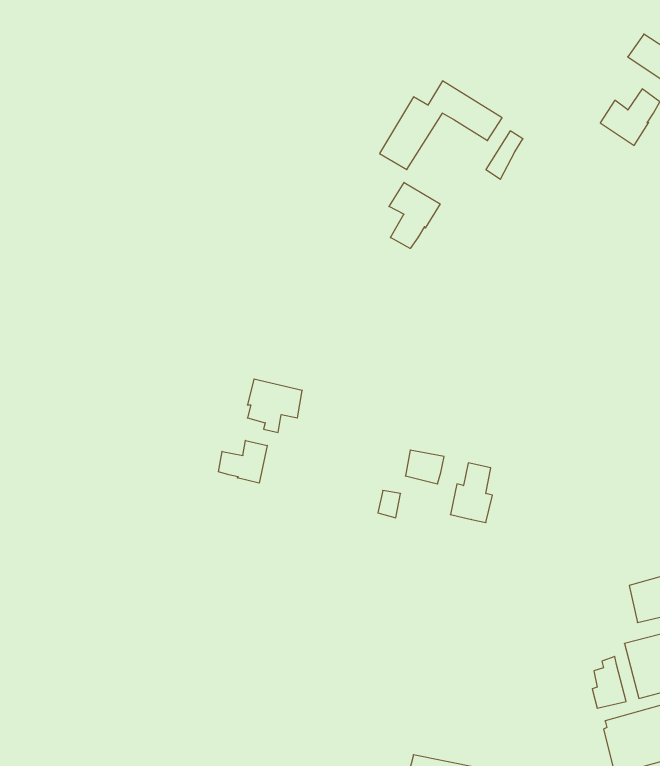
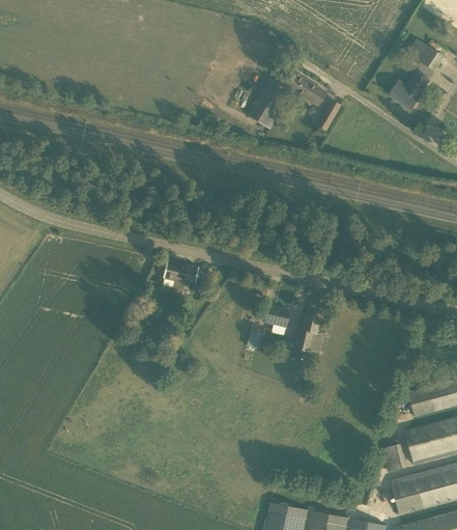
building: [389,182,440,248] -> none
building: [218,440,267,483] -> none

